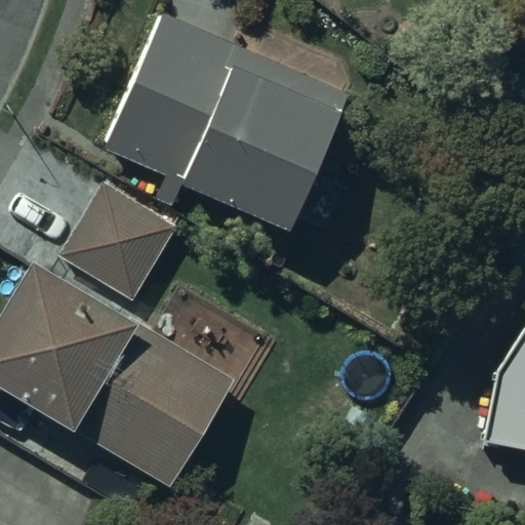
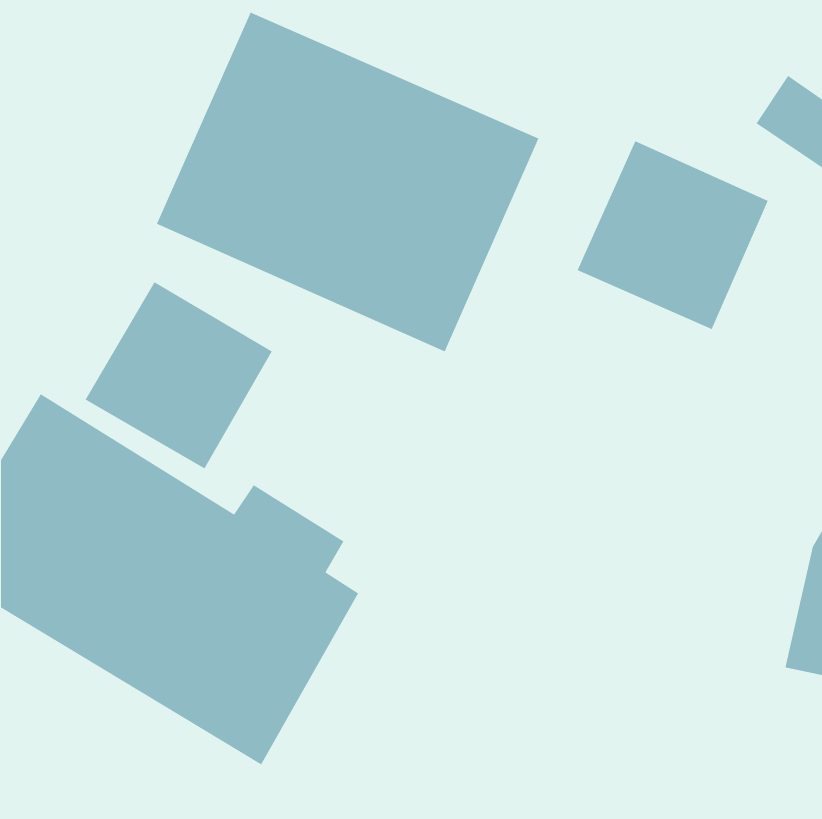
building: none -> [577,140,769,330]

